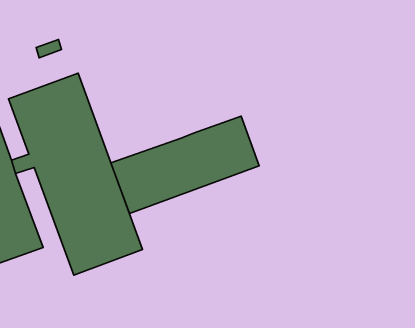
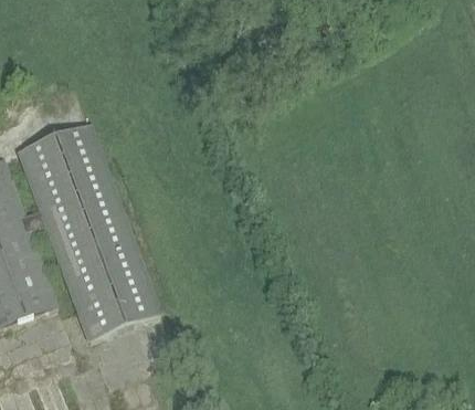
building: [111,116,259,214] -> none

